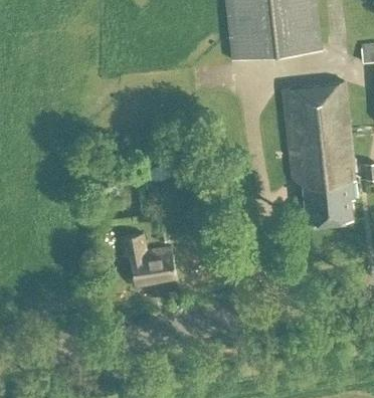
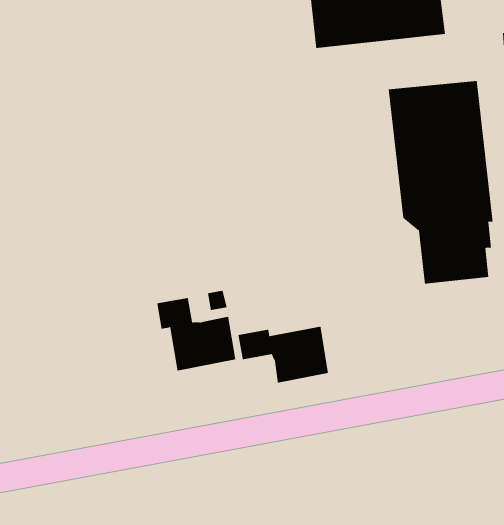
building: none -> [238,326,329,383]

